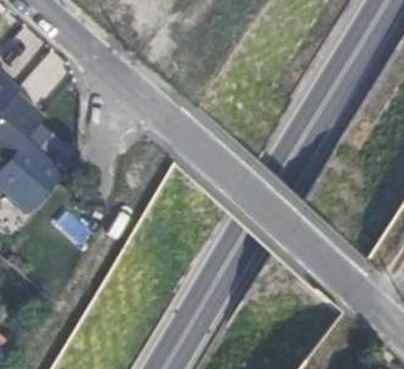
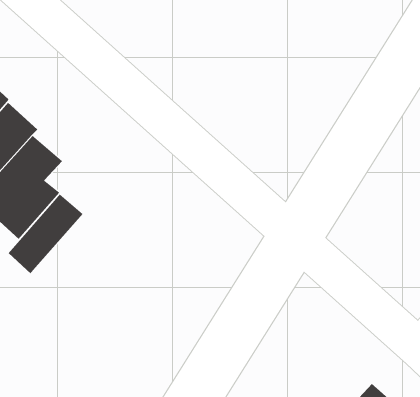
building: none -> [8,193,84,274]

